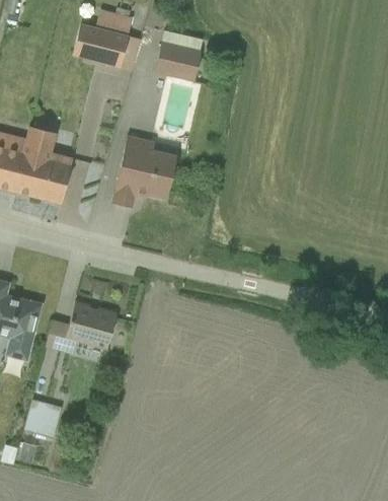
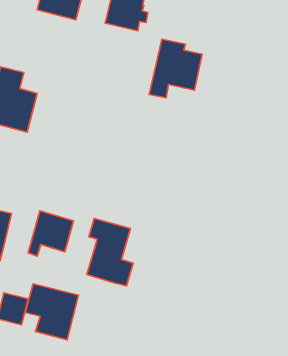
building: [112,135,176,206] -> [149,39,202,98]
building: none -> [87,219,133,286]
building: none -> [25,284,79,340]

